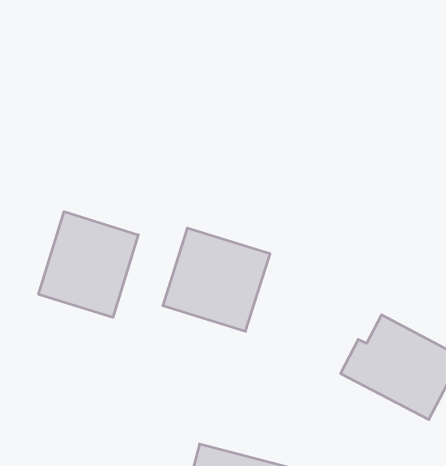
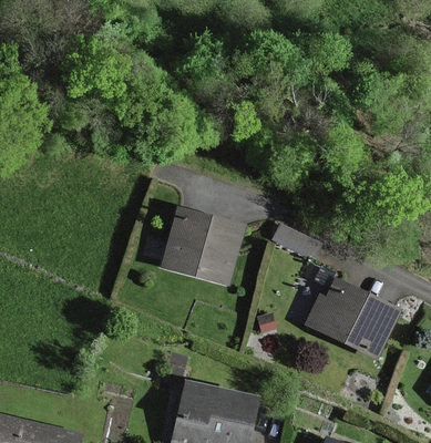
building: [39,212,138,317] -> none

